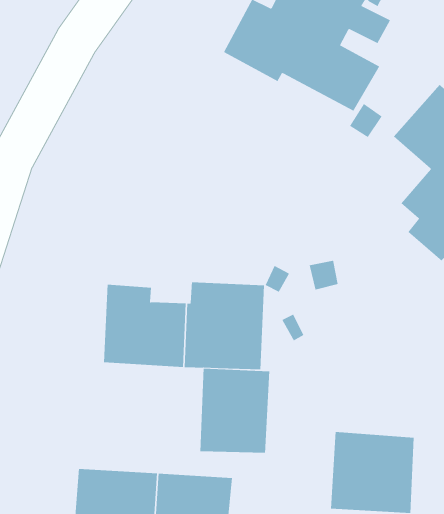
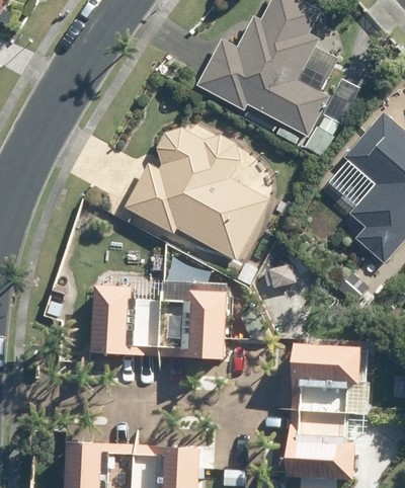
building: none -> [125,130,269,262]
building: none -> [291,341,362,414]
building: [200,368,270,453] -> none

